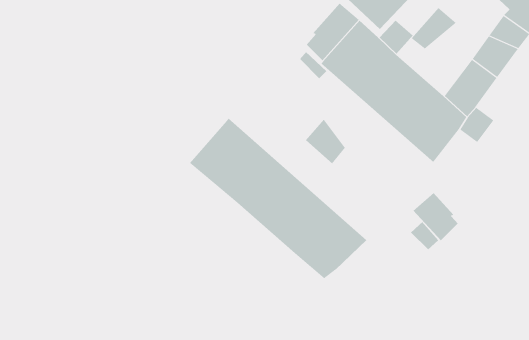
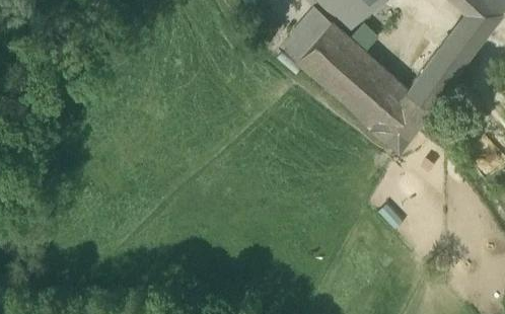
building: [411,7,457,50] -> none
building: [189,118,367,279] -> none
building: [305,119,346,164] -> none
building: [413,192,459,241] -> none

